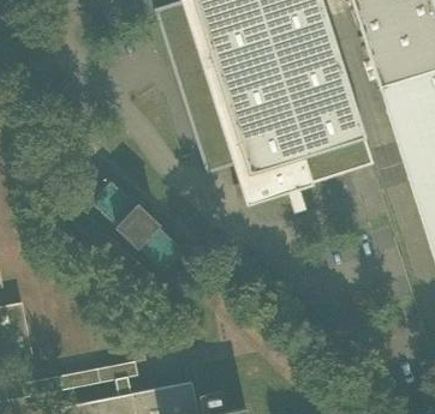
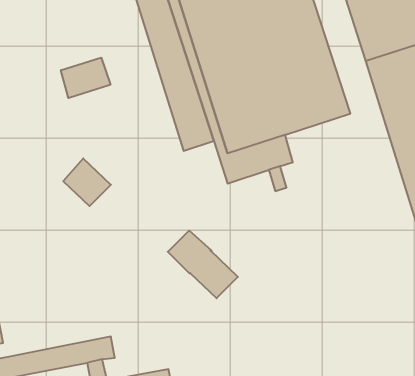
building: none -> [61,58,110,98]
building: [303,137,374,184] -> none
building: [115,205,183,270] -> [168,231,238,298]

